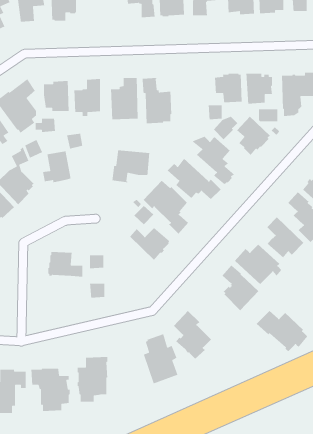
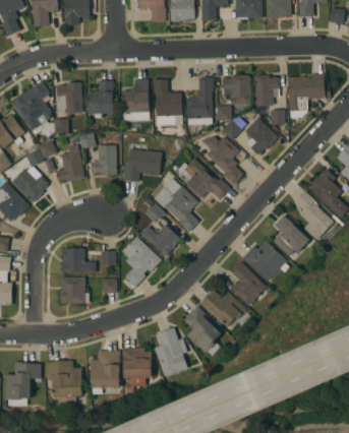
building: none -> [186,77,214,124]
building: none -> [91,144,116,175]
building: none -> [122,237,162,287]
building: none -> [60,276,90,303]
building: [256,310,308,352] -> [199,290,250,330]
building: none -> [122,348,154,395]

